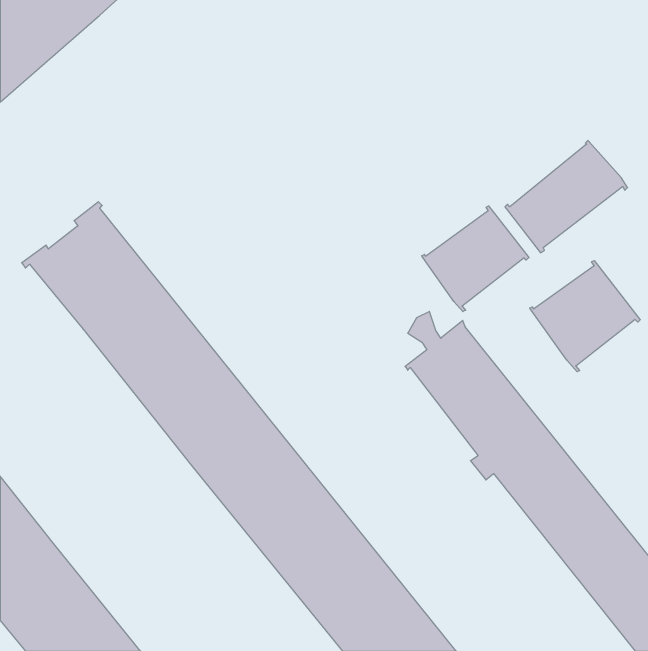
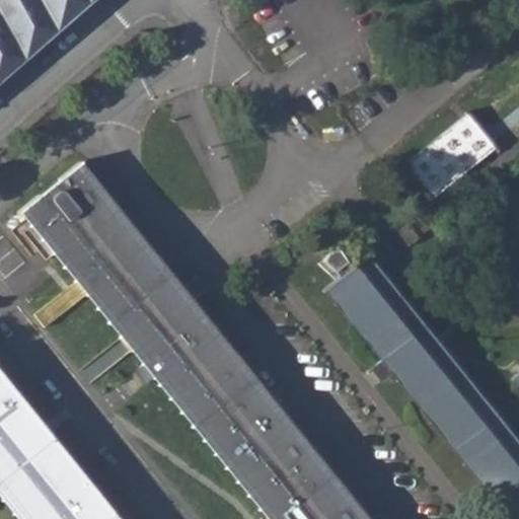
building: [422,206,529,312] -> none
building: [530,261,640,372] -> none

